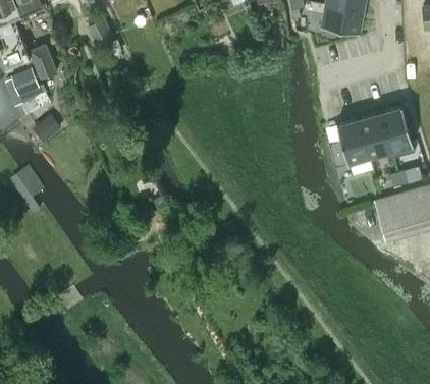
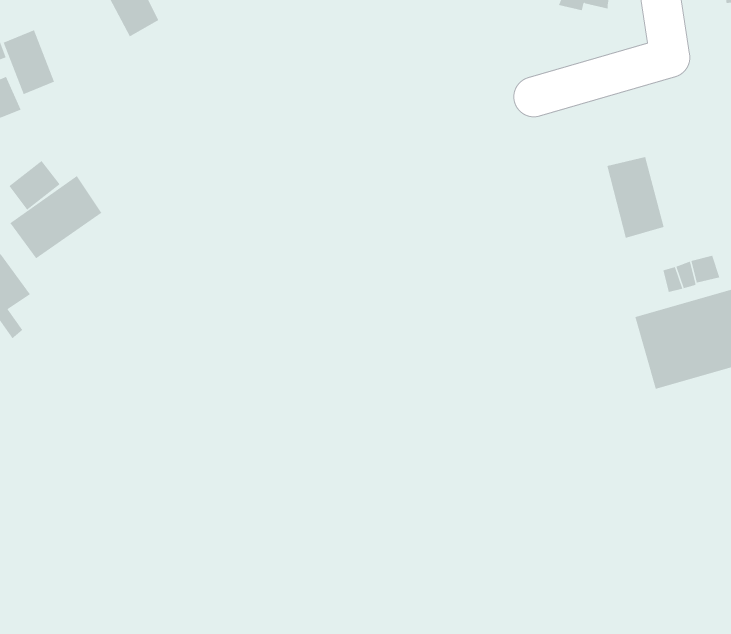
building: [380,107,415,159] -> none
building: [328,119,369,168] -> none
building: none -> [10,175,102,259]

